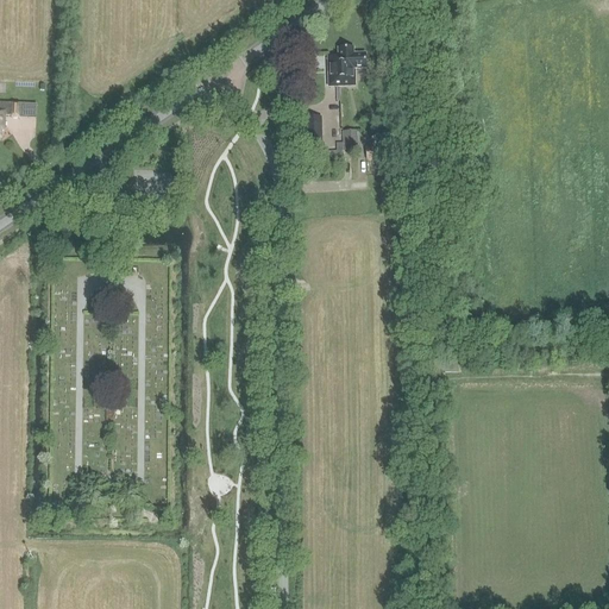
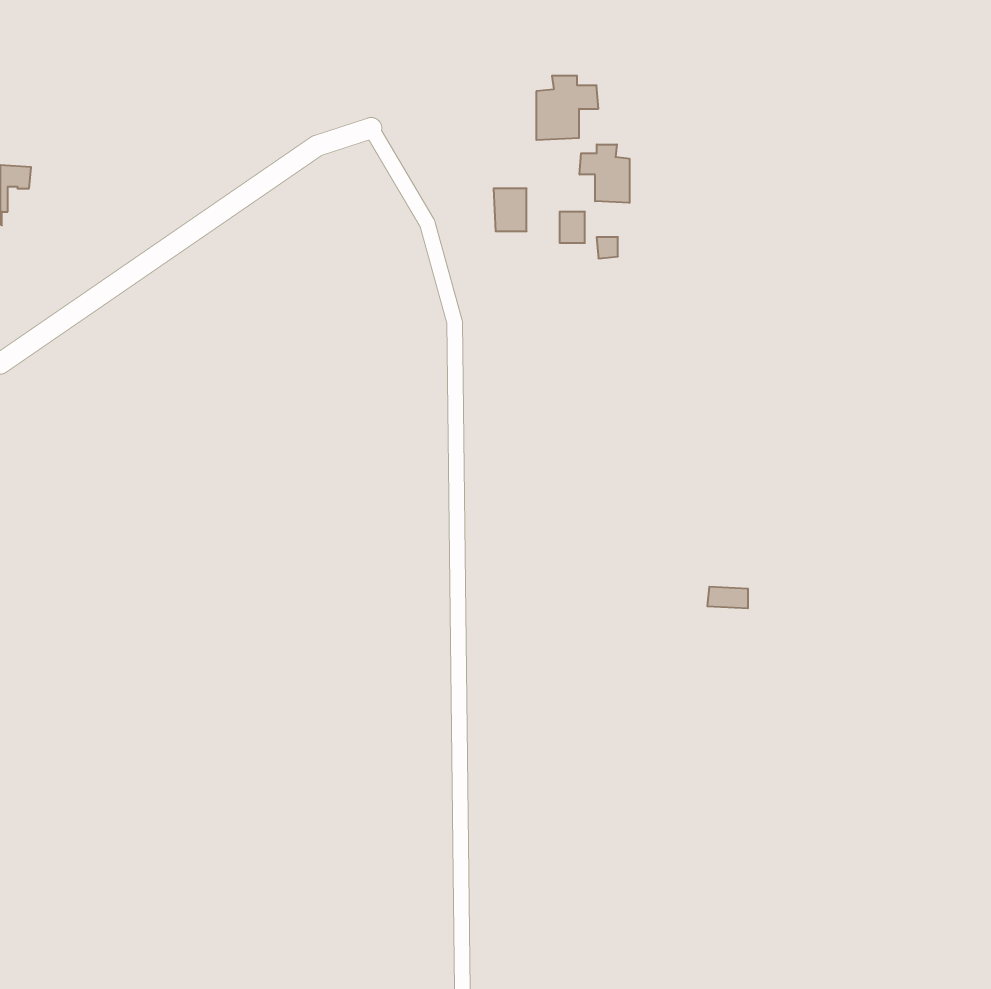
building: none -> [580,144,629,203]

